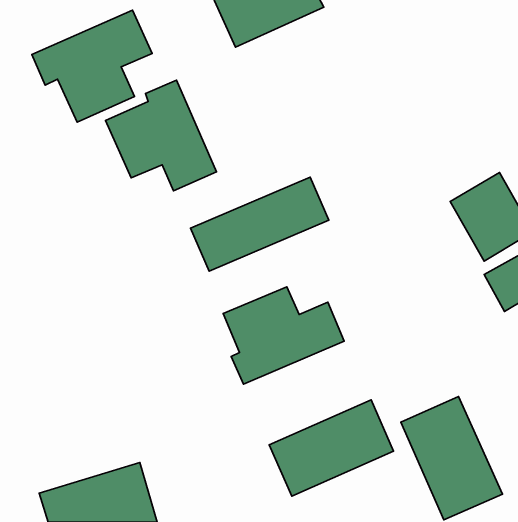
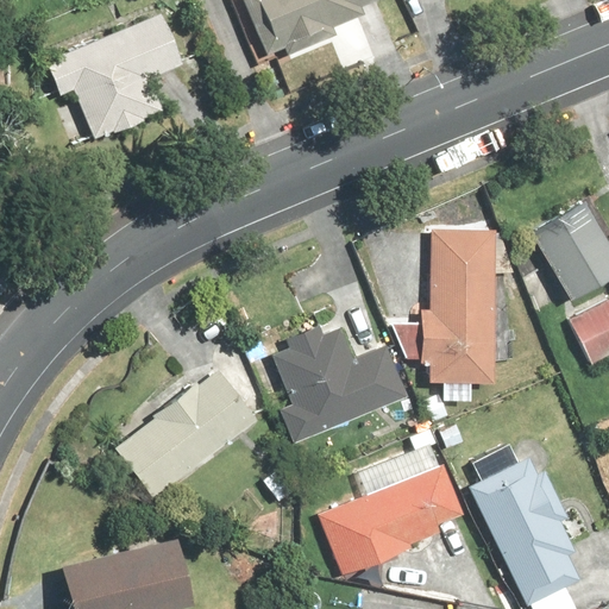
building: [105,80,217,191] -> none
building: [191,177,329,271] -> none
building: none -> [416,225,498,383]
building: none -> [115,365,263,502]

